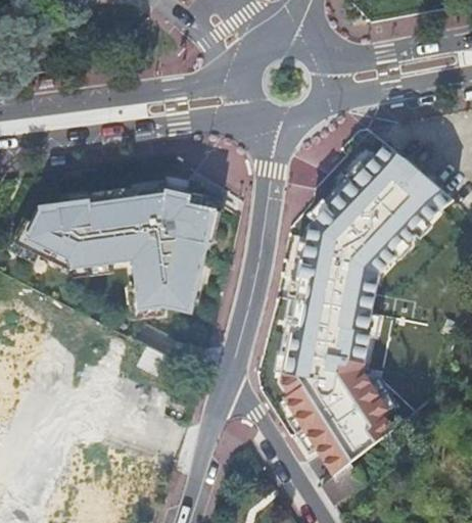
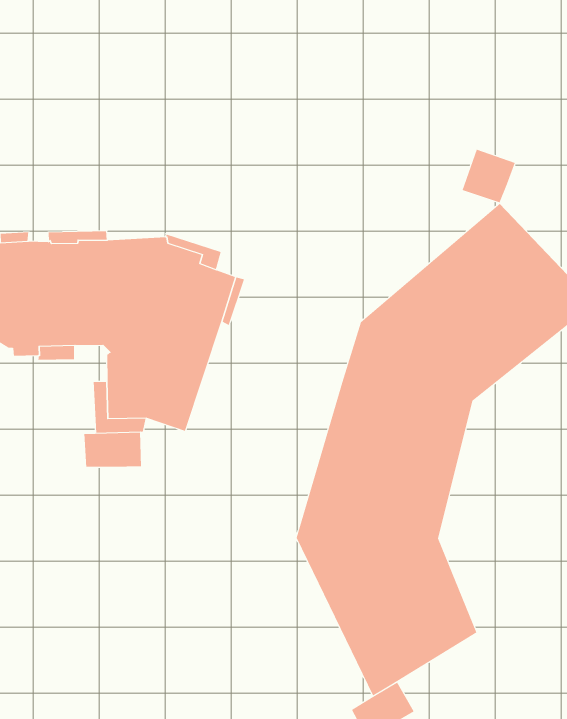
building: none -> [462,149,516,203]
building: none -> [84,432,141,467]

